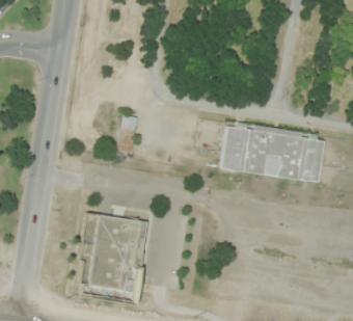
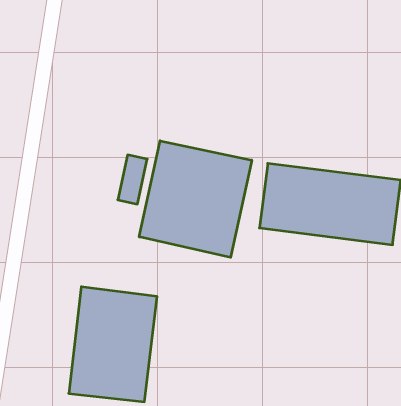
building: none -> [139,141,252,257]

